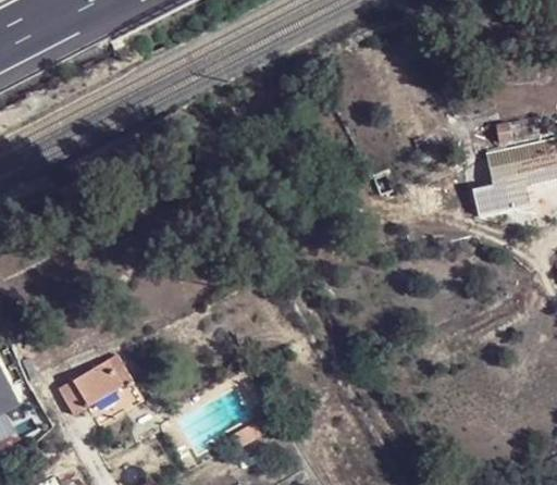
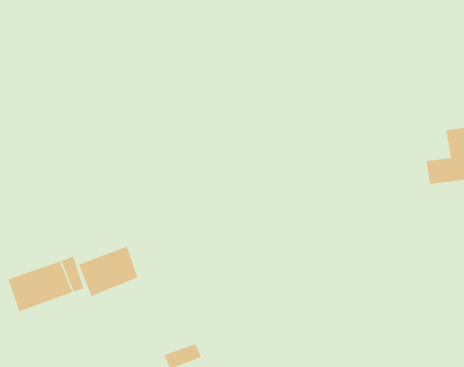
building: none -> [78,246,138,297]

